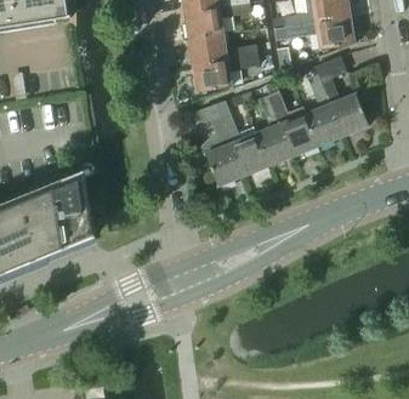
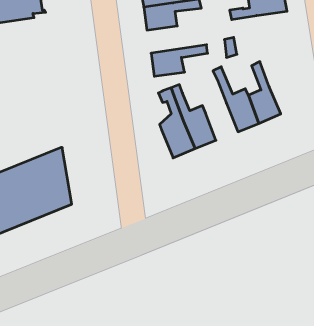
building: [274,16,359,49] -> none
building: [188,33,257,64] -> none
building: [316,56,369,135] -> none
building: [256,95,294,165] -> none

